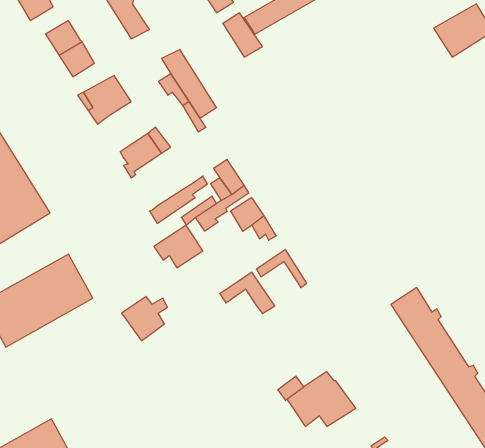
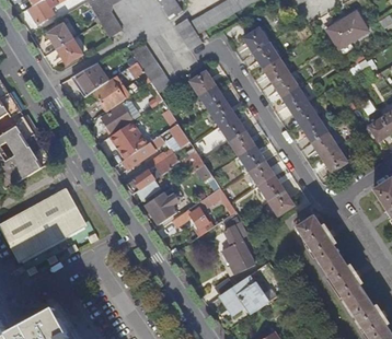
building: none -> [243,26,347,172]
building: none -> [189,70,293,214]
building: none -> [93,79,124,112]
building: none -> [108,120,147,159]
building: [122,296,167,341] -> [145,191,177,223]
building: none -> [222,222,254,272]

